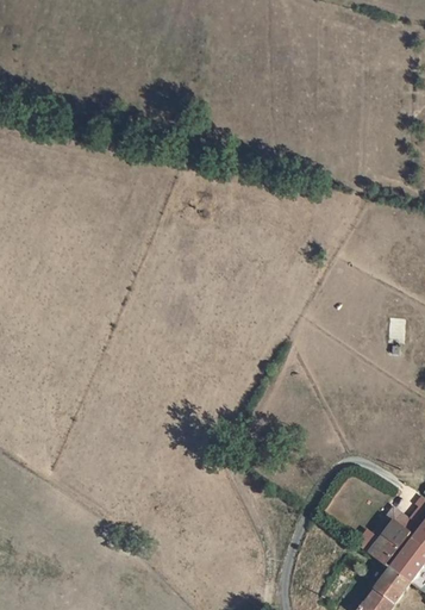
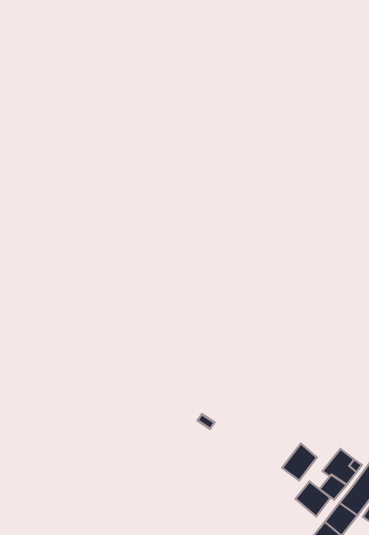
building: none -> [282,444,317,480]
building: none -> [295,481,331,516]

